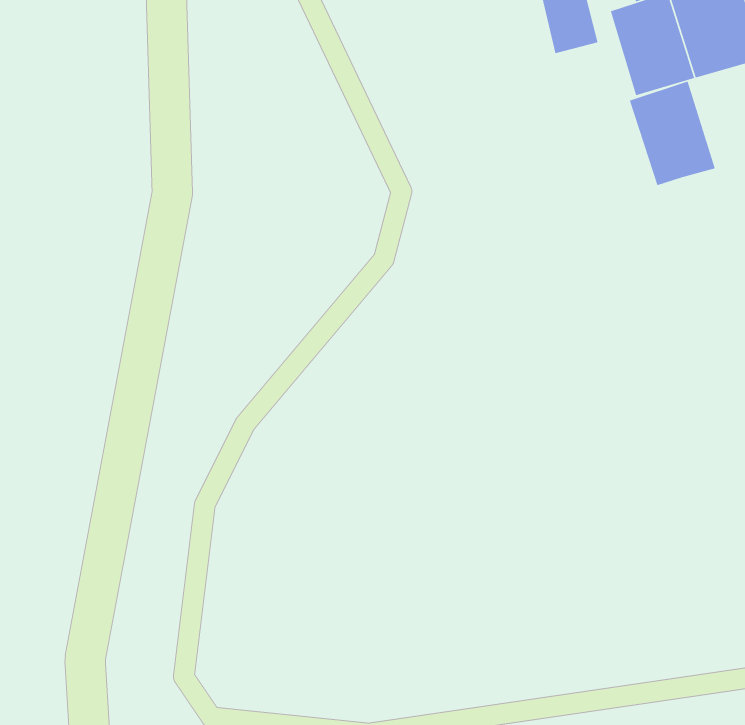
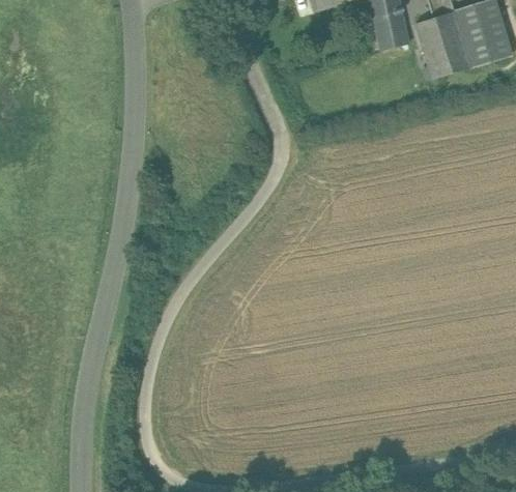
building: [629,81,716,186] -> none

